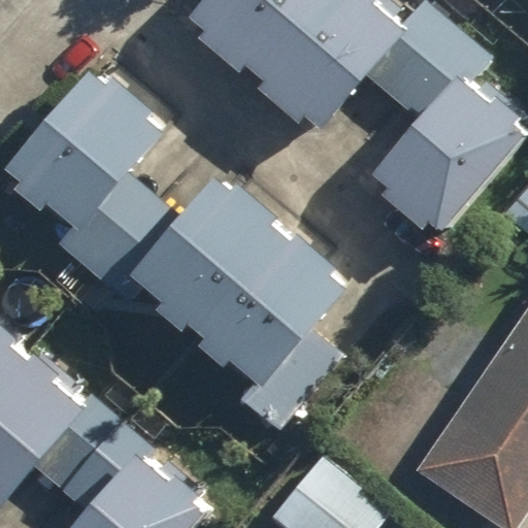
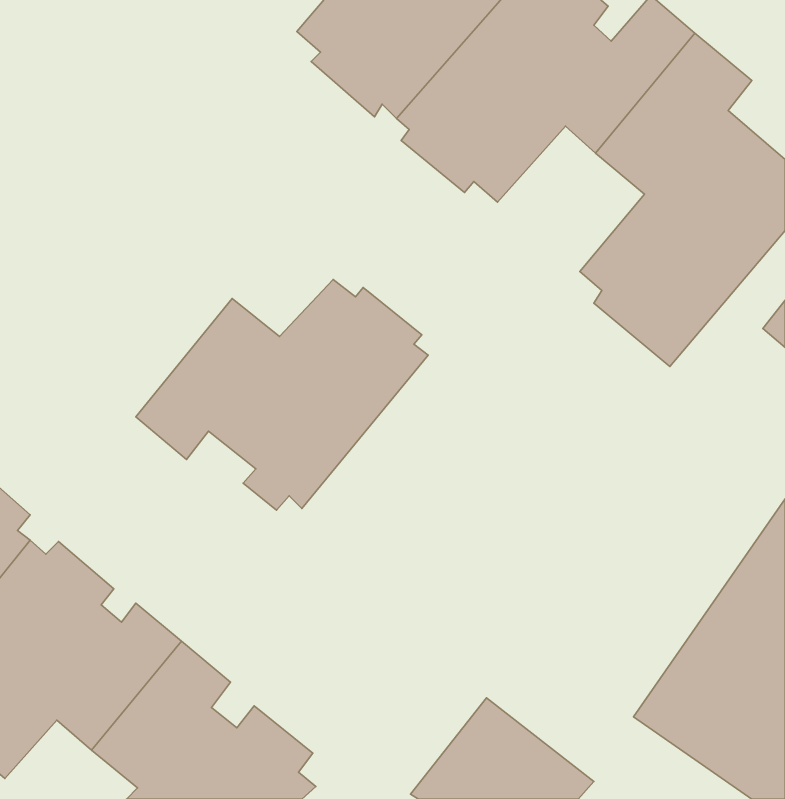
building: [11,73,167,271] -> none
building: [197,232,350,425] -> none

